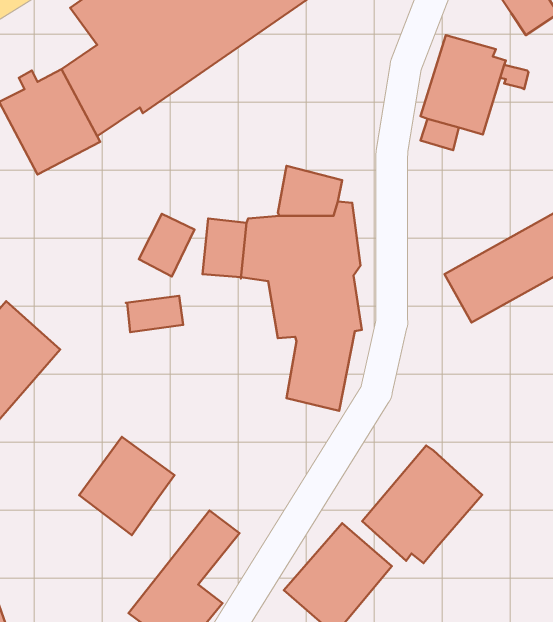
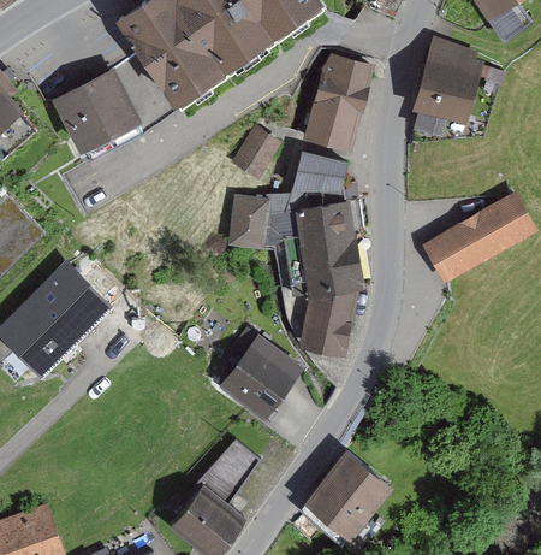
building: none -> [301,54,373,153]
building: [139,214,194,276] -> [230,124,277,177]
building: [126,296,183,332] -> none
building: [79,437,175,535] -> [220,338,301,421]
building: [362,445,482,563] -> none

